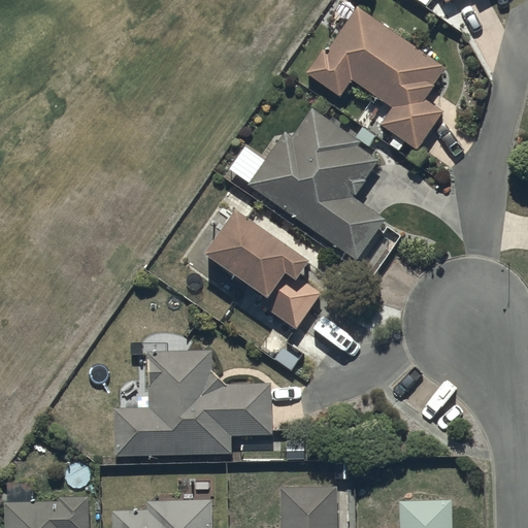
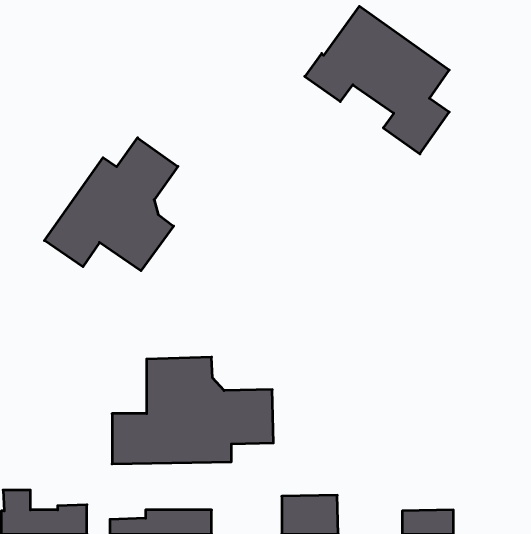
building: [249,108,388,261] -> none
building: none -> [44,138,178,271]
building: [202,212,322,330] -> none

